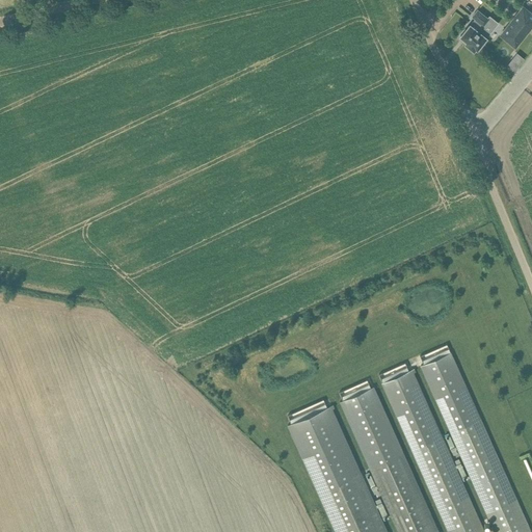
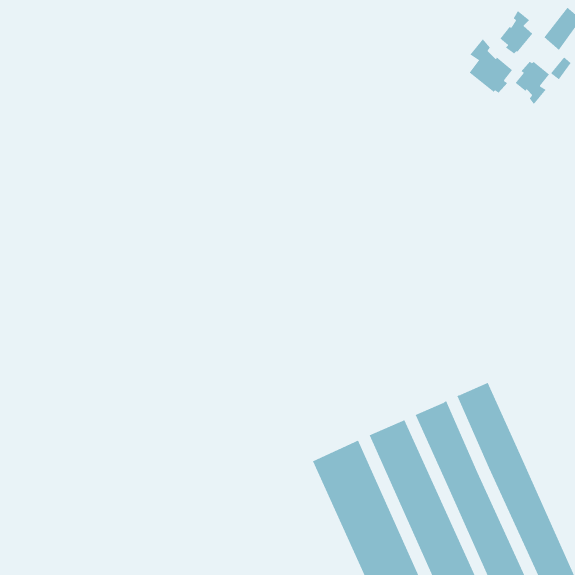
building: none -> [469,39,513,94]
building: none -> [515,61,550,105]

